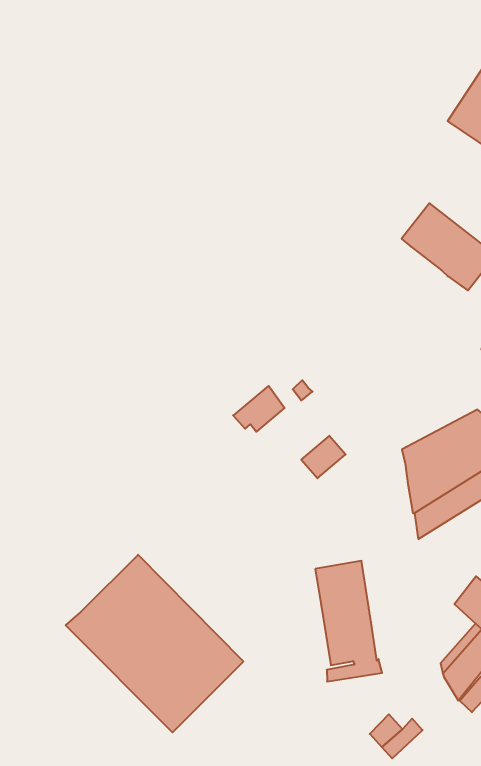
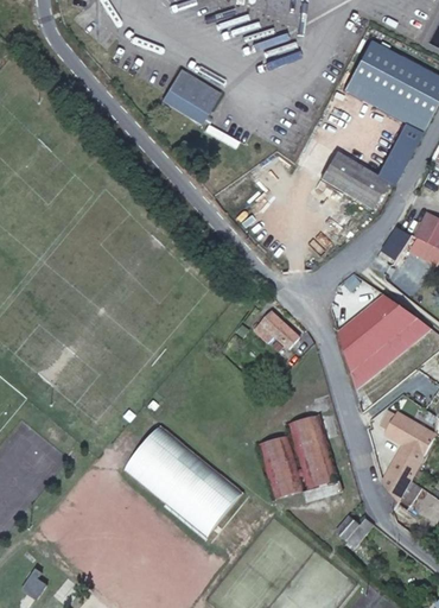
building: none -> [168,77,217,126]
building: [233,386,285,432] -> [249,309,285,342]
building: none -> [256,430,304,494]

